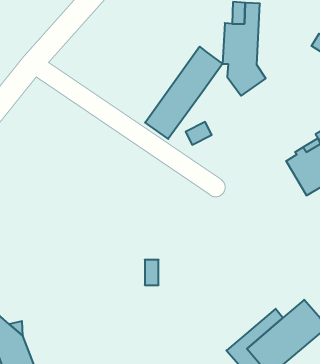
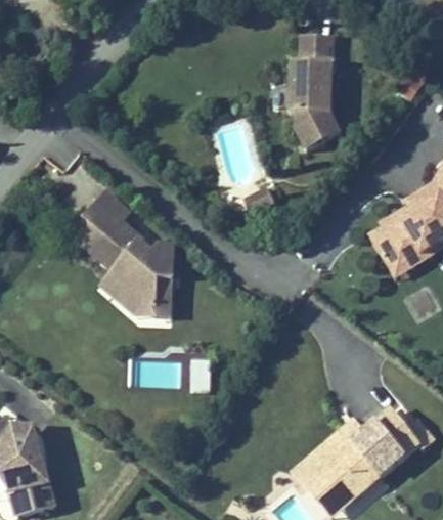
building: [145,47,222,139] -> none
building: none -> [76,192,175,316]

